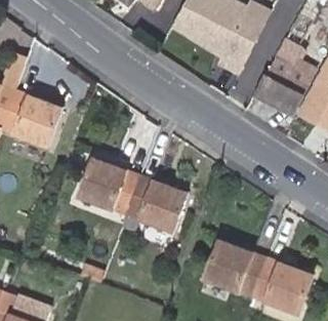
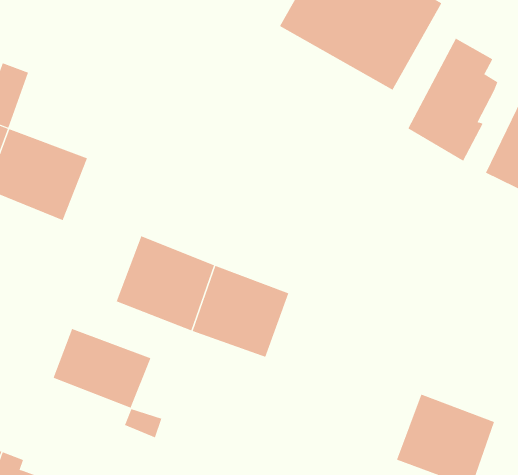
building: none -> [53,328,151,409]
building: [200,239,263,297] -> none

